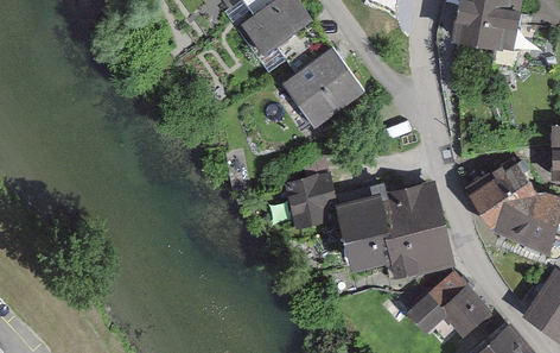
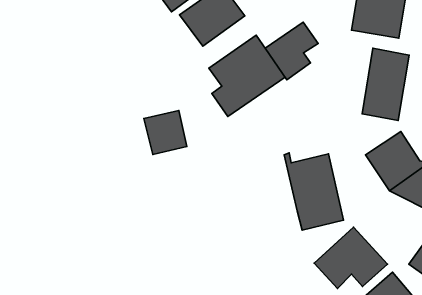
building: none -> [265,22,318,80]
building: none -> [362,48,409,121]
building: [281,174,332,226] -> [144,110,187,155]
building: [333,185,388,261] -> none

